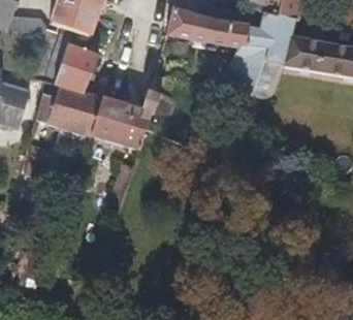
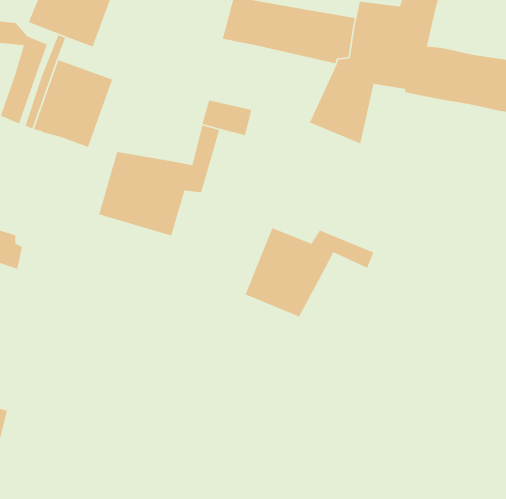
building: [45,88,103,138] -> none
building: none -> [244,227,375,317]

